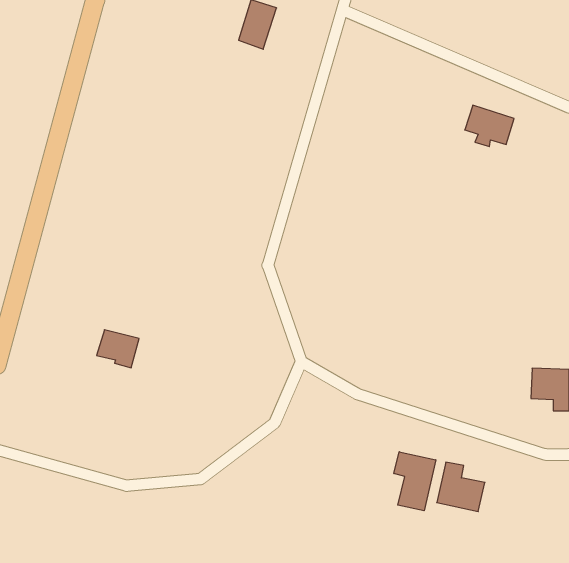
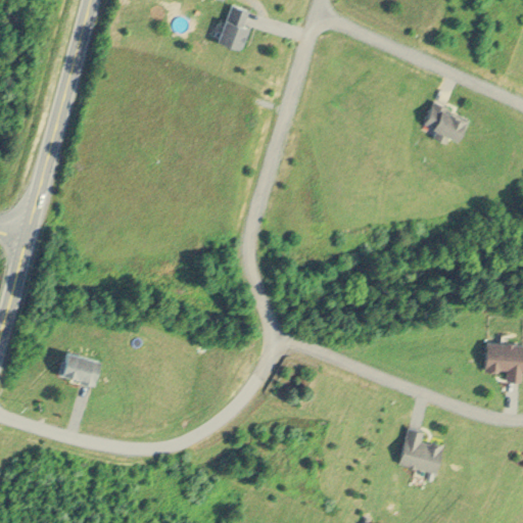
building: [97,330,139,368] -> [61,351,100,386]
building: [394,452,436,511] -> none

